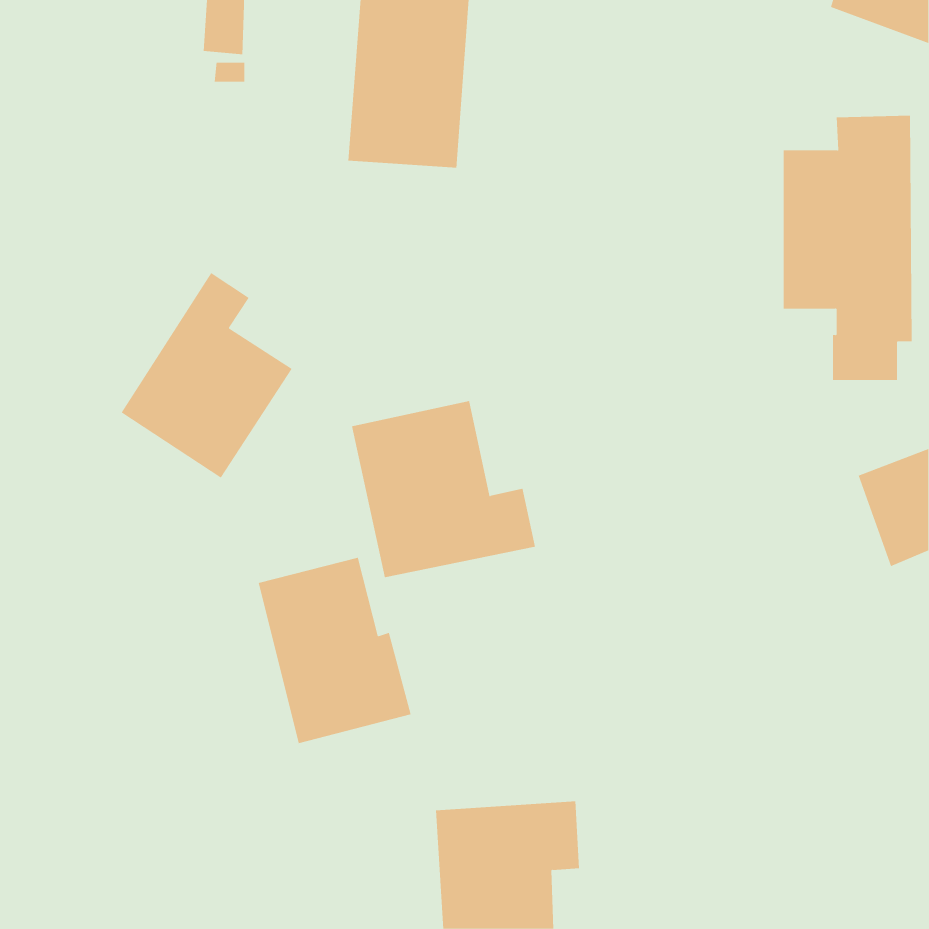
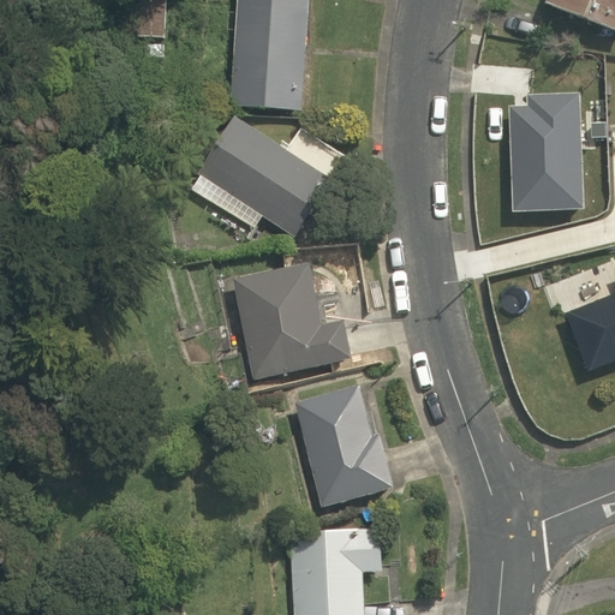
building: none -> [191,117,350,235]
building: [121,272,293,478] -> none
building: [258,557,411,744] -> [293,384,394,507]

